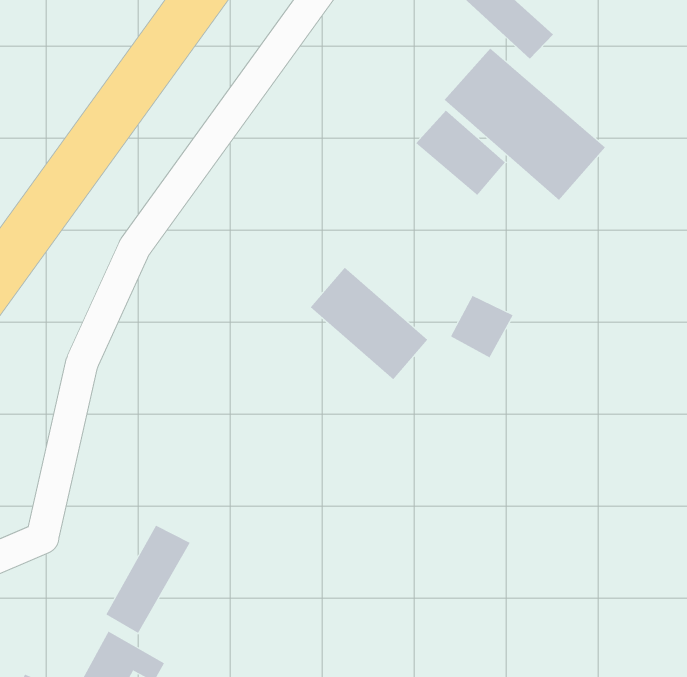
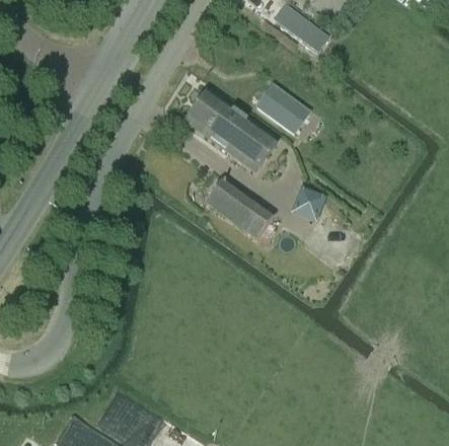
building: [444,48,606,201] -> [184,90,278,172]
building: [105,525,190,634] -> none

